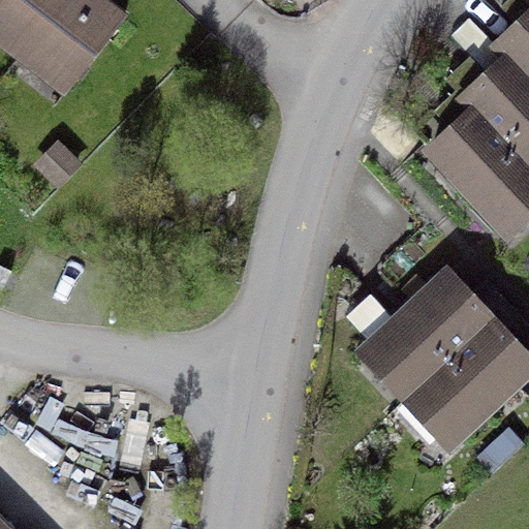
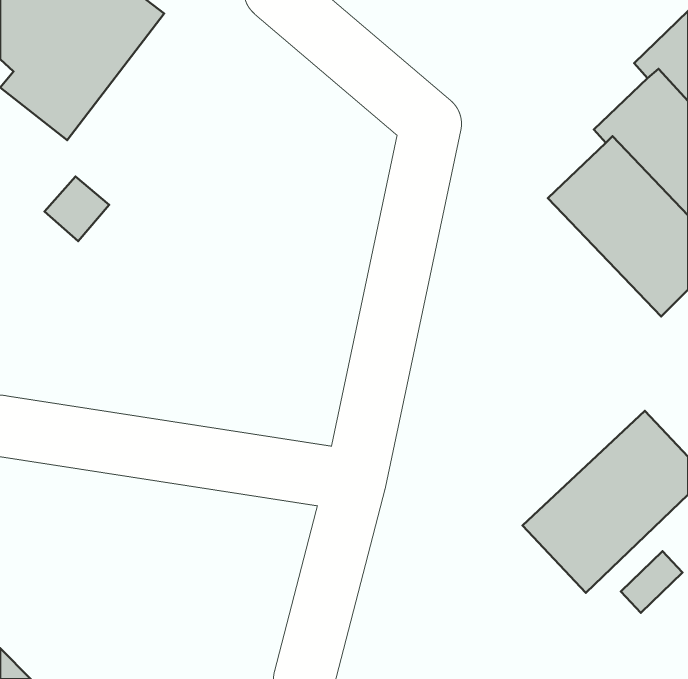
building: [352,263,495,403] -> none

